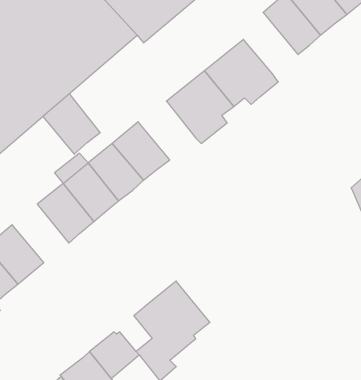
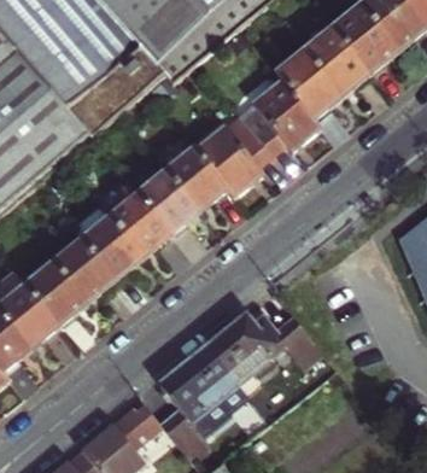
building: none -> [274,46,340,115]
building: [43,94,100,154] -> [163,142,227,210]
building: none -> [23,259,86,325]
building: none -> [205,315,320,383]

